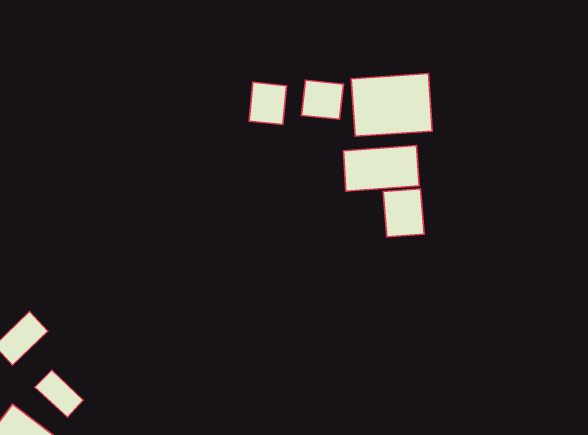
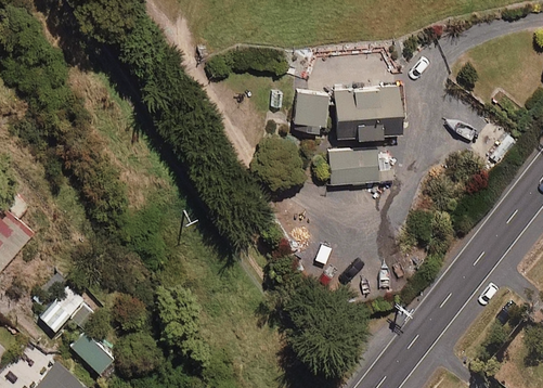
building: [249,82,286,124] -> none
building: [383,189,424,237] -> none

